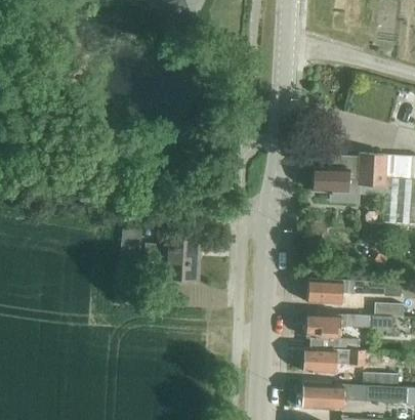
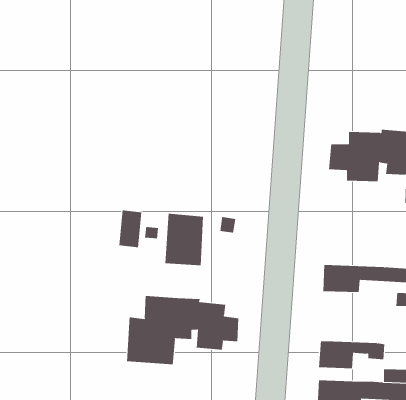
building: none -> [126,295,239,365]
building: [305,312,372,349] -> none

